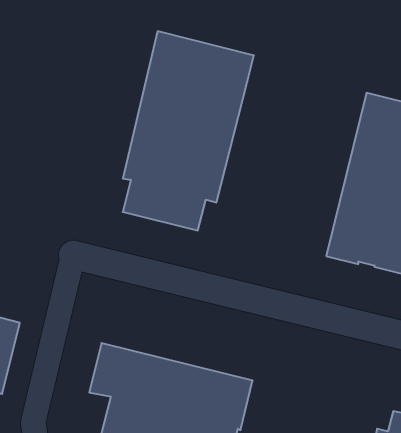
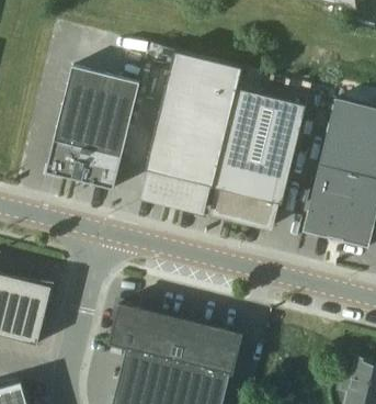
building: none -> [45,66,139,189]
building: none -> [212,89,306,228]

